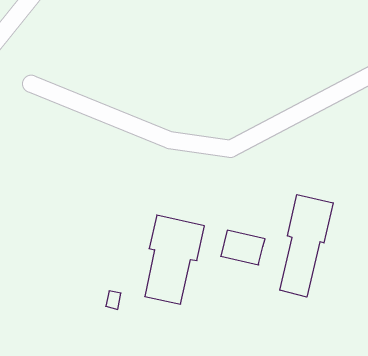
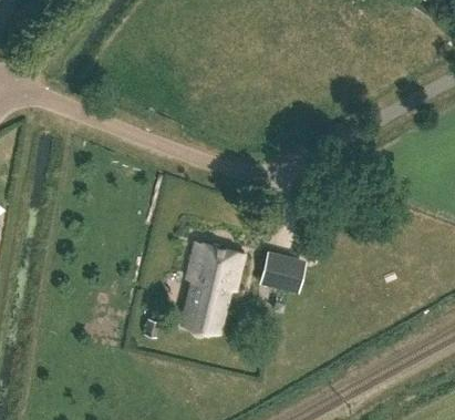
building: [280,195,333,297] -> none

